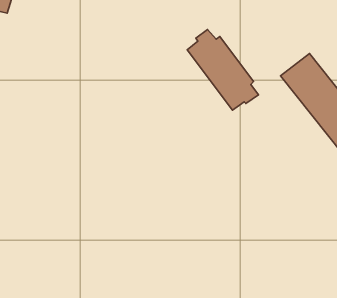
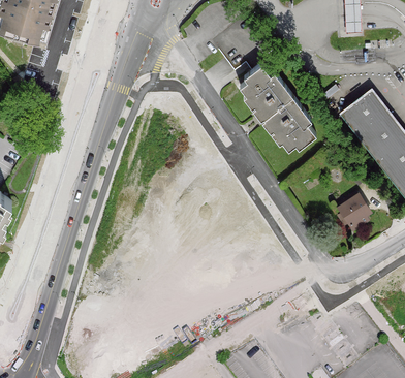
building: none -> [338,195,368,228]

